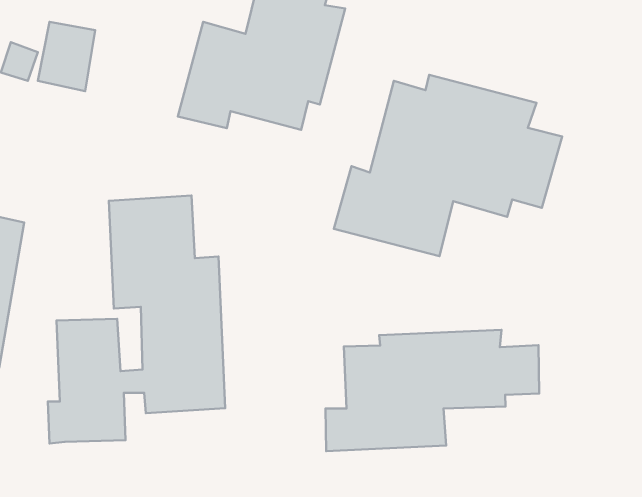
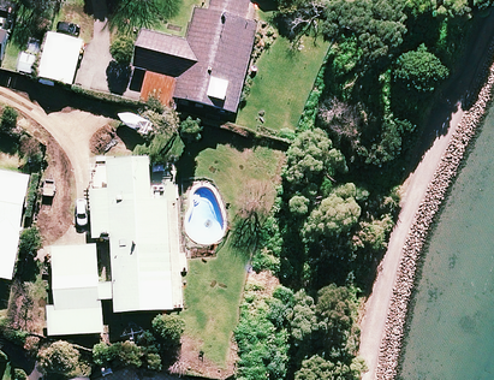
building: [334,75,562,256] -> none
building: [325,330,539,451] -> none

